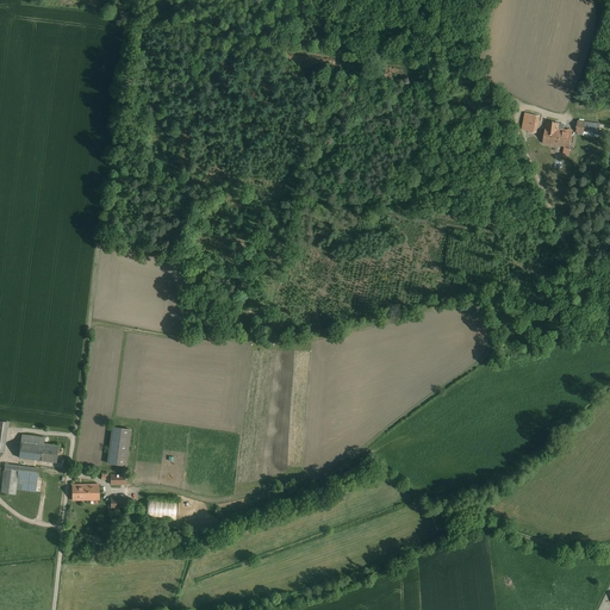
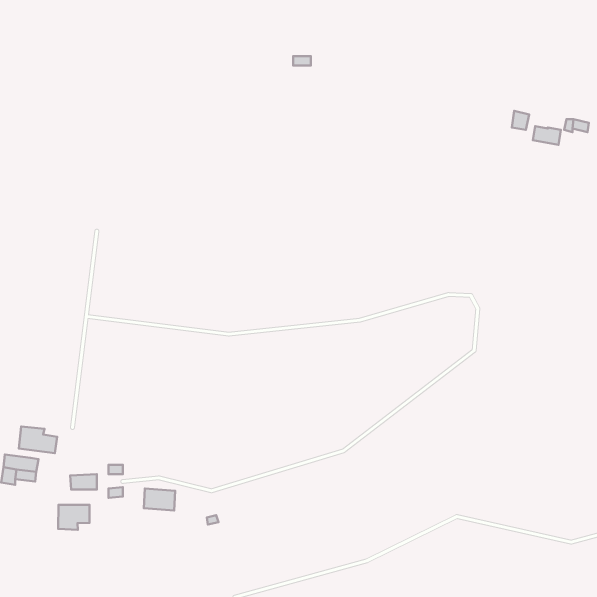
building: [107,428,131,465] -> none
building: none -> [58,505,90,530]

